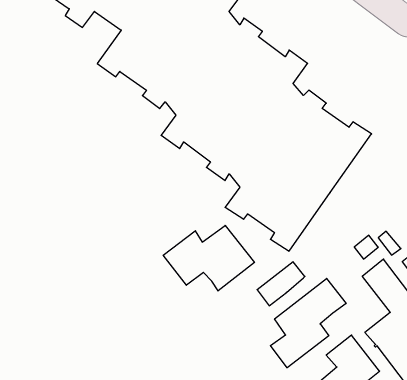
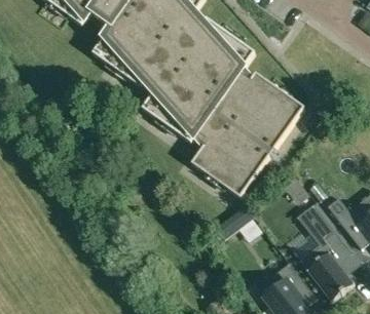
building: [163,225,254,291] -> none
building: [270,278,346,368] -> none

